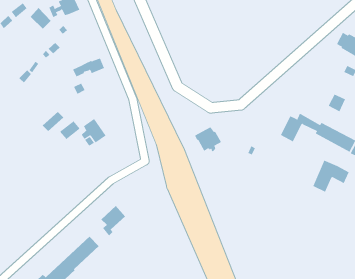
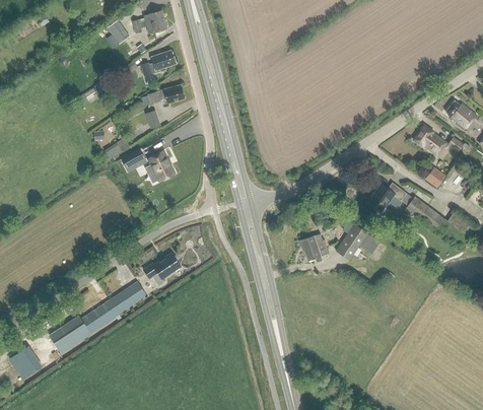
building: none -> [140,50,176,76]
building: none -> [413,125,446,155]
building: [194,126,222,152] -> [299,233,329,262]
building: [313,160,350,192] -> [336,223,380,260]

